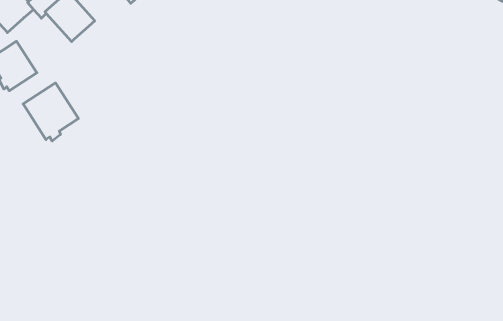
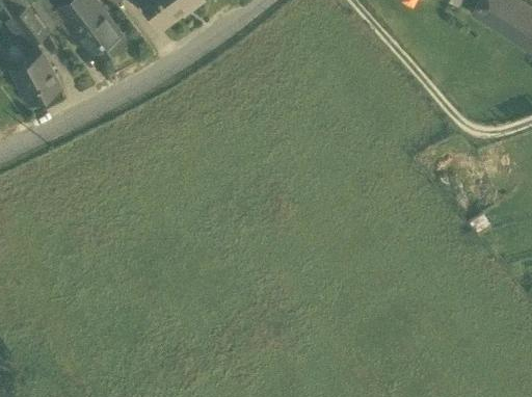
building: [23,83,78,141] -> none

